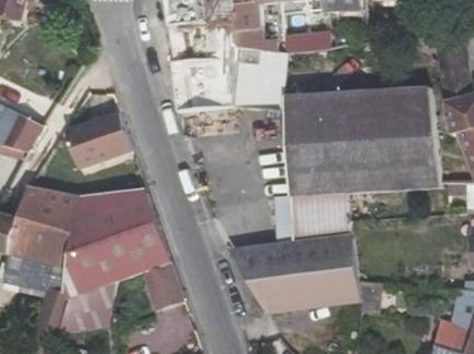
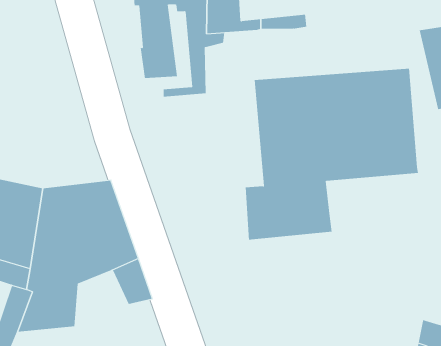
building: [234,47,283,107] -> none
building: [62,111,132,169] -> none
building: [227,237,361,313] -> none

